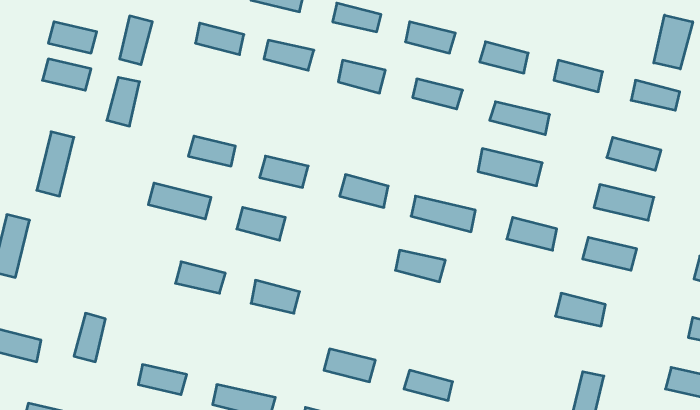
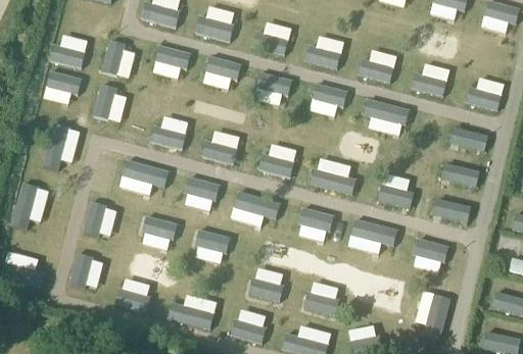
building: [654,15,693,69] -> none
building: [478,149,542,186] -> [351,220,397,247]
building: none -> [233,192,280,219]
building: none -> [82,201,106,237]

